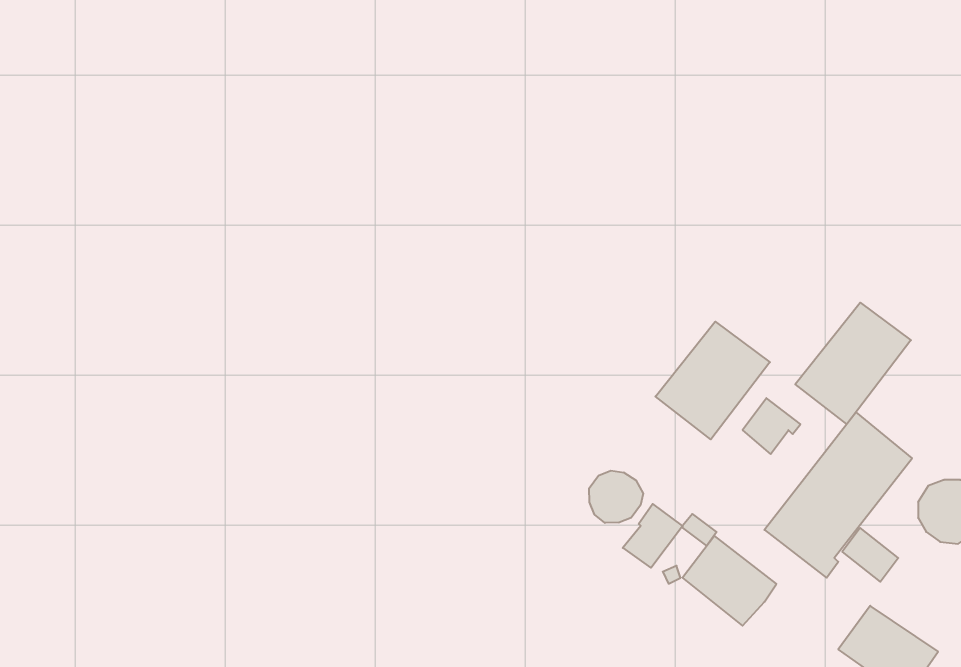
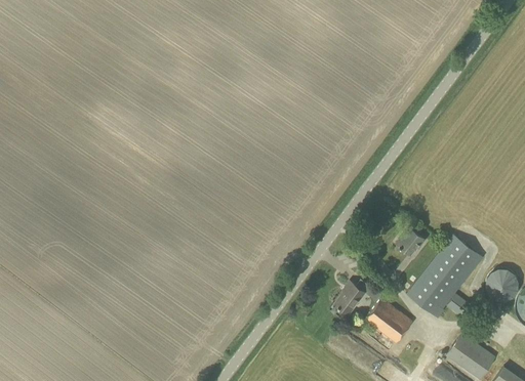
building: [795,303,911,424] -> none
building: [655,322,770,439] -> none
building: [589,471,643,523] -> none

